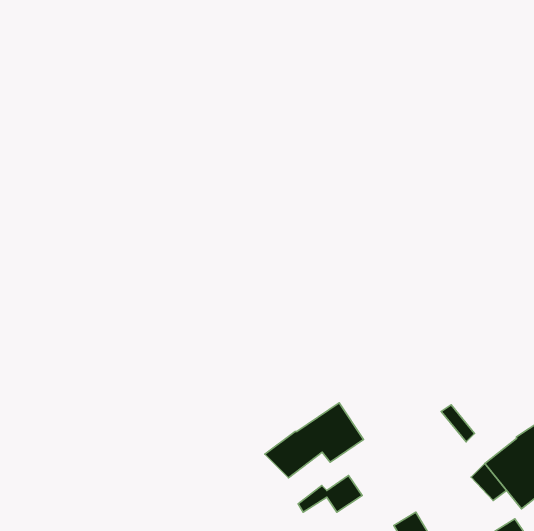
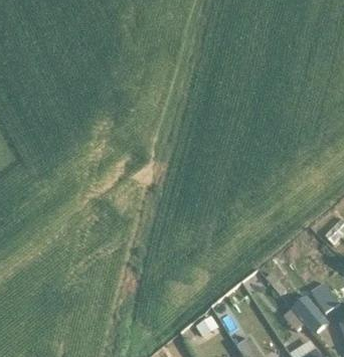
building: [265,403,364,478] -> none

